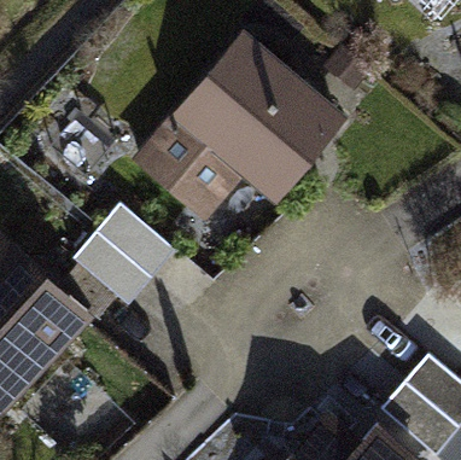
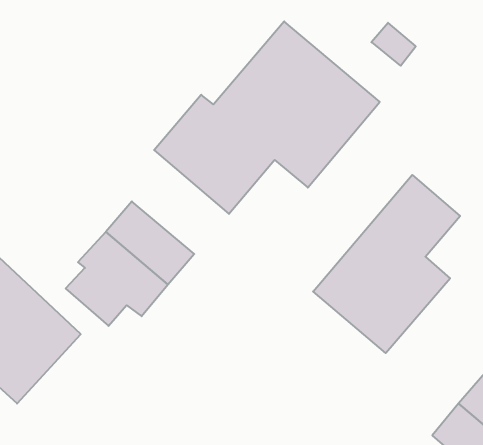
building: none -> [313,175,460,353]

